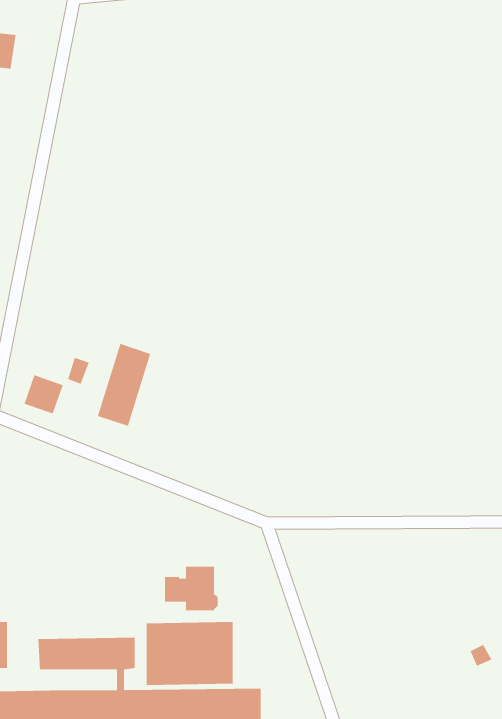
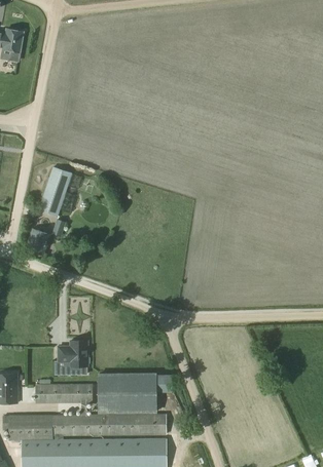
building: [97,343,151,427] -> [39,166,71,216]
building: [164,566,218,611] -> [58,340,89,366]

